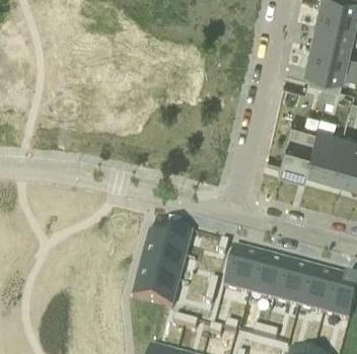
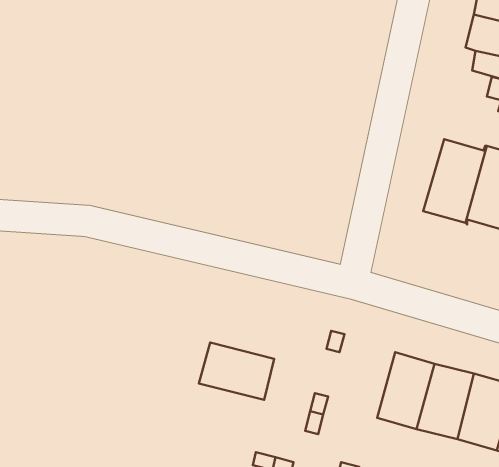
building: [145,219,192,255] -> none
building: [224,244,260,291] -> none
building: [131,270,178,305] -> none

